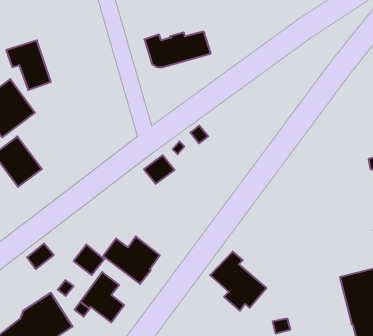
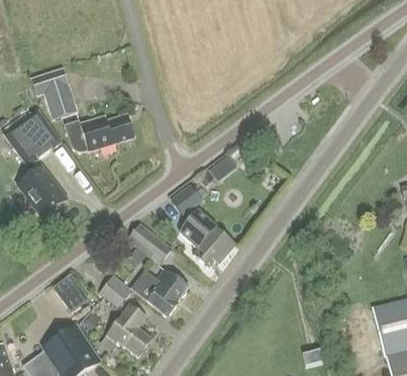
building: [144,32,211,67] -> [66,115,133,152]
building: none -> [128,221,173,263]
building: [210,251,266,311] -> [179,205,236,266]

